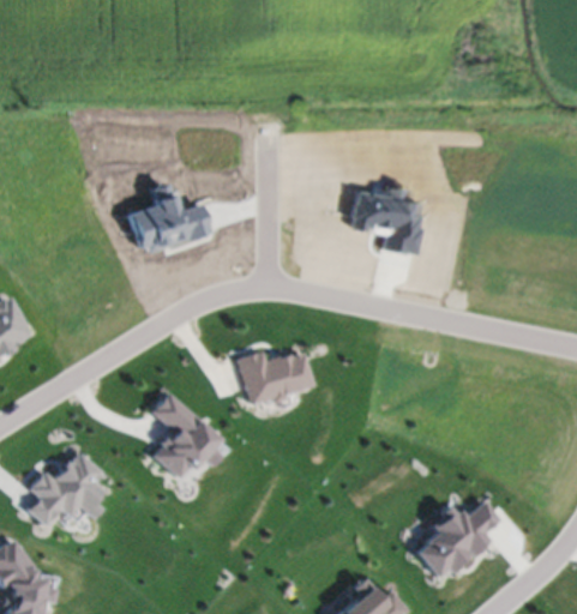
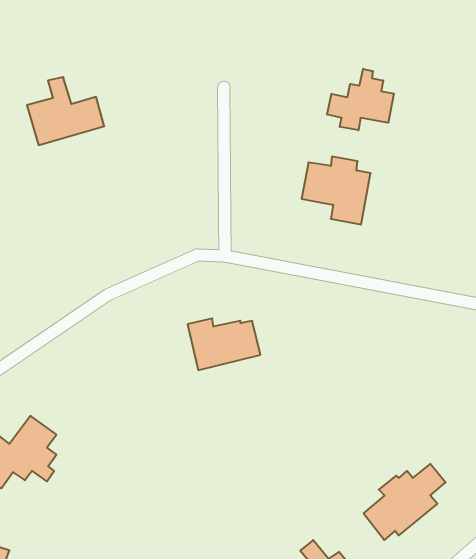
building: none -> [327,69,394,130]
building: [131,183,210,253] -> [27,77,104,145]
building: [150,393,223,480] -> none

